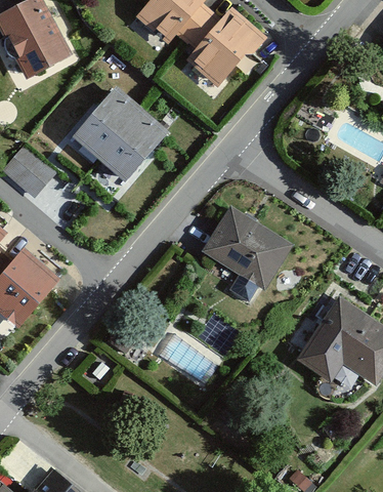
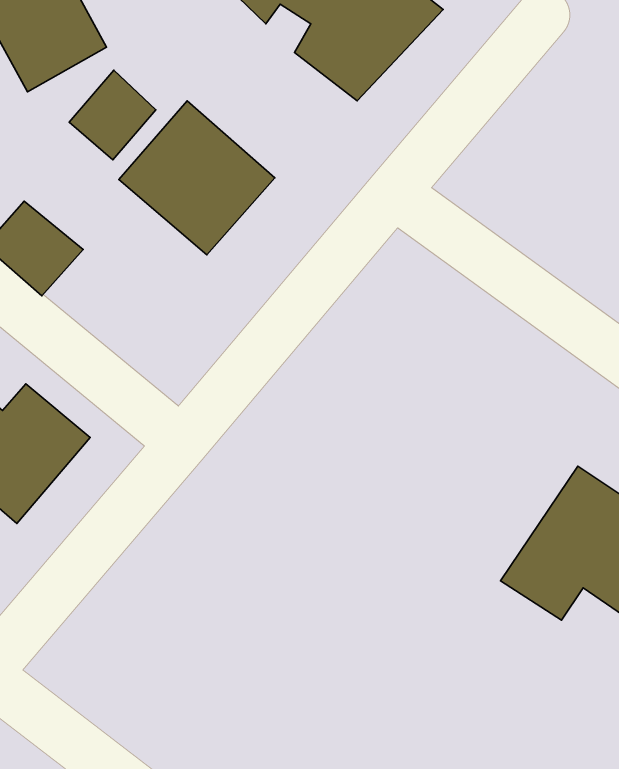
building: none -> [69,70,156,160]
building: [208,207,289,282] -> none

